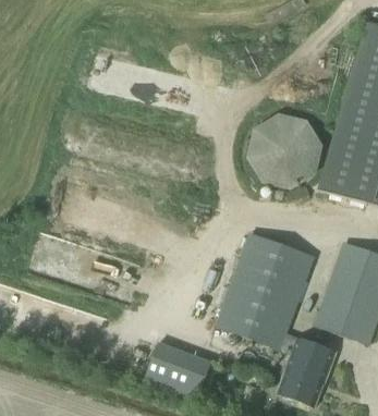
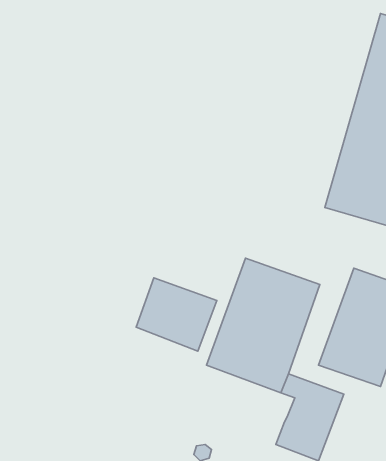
building: [247,113,324,188] -> none
building: [143,340,212,403] -> [136,278,217,351]

